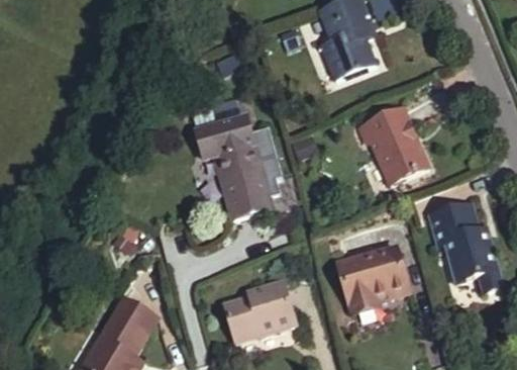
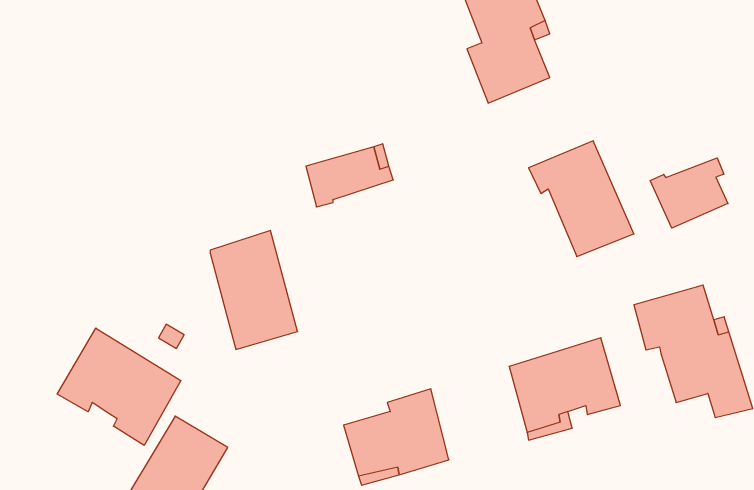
building: none -> [650,158,728,228]
building: [224,134,283,214] -> [210,231,298,349]
building: none -> [57,328,181,445]

